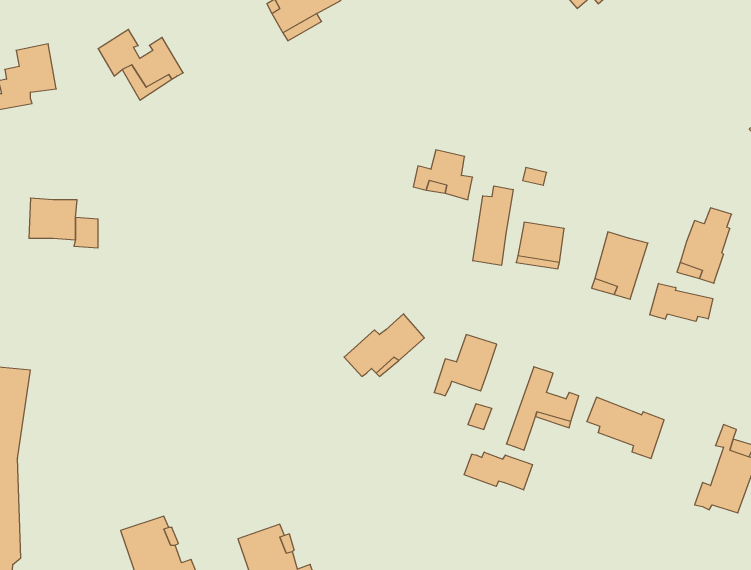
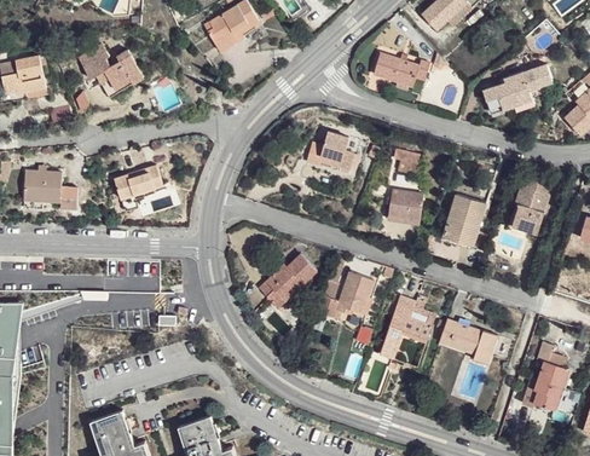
building: none -> [374,52,429,94]
building: none -> [484,71,538,114]
building: none -> [110,161,160,208]
building: [473,186,513,265] -> none
building: [650,283,713,321] -> none
building: [464,452,532,490] -> none

